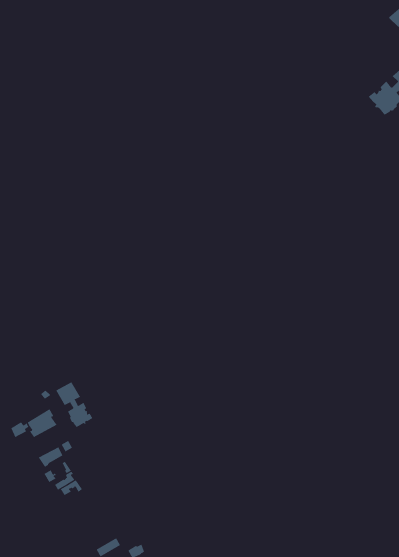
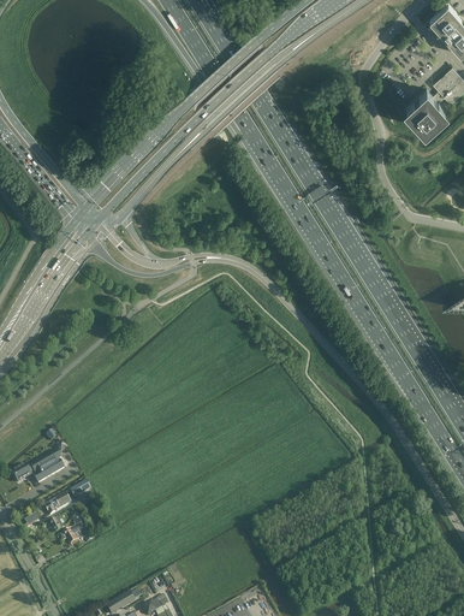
building: [56,381,93,428] -> none

